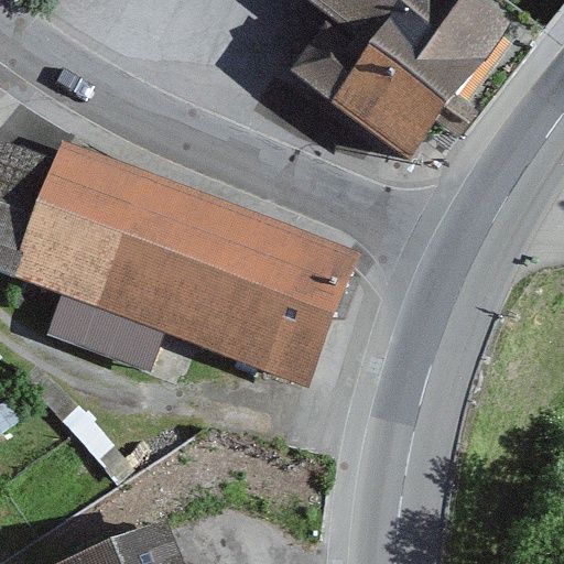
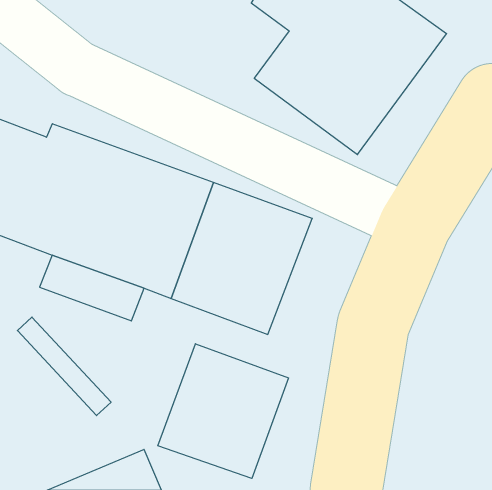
building: none -> [158,344,289,478]

